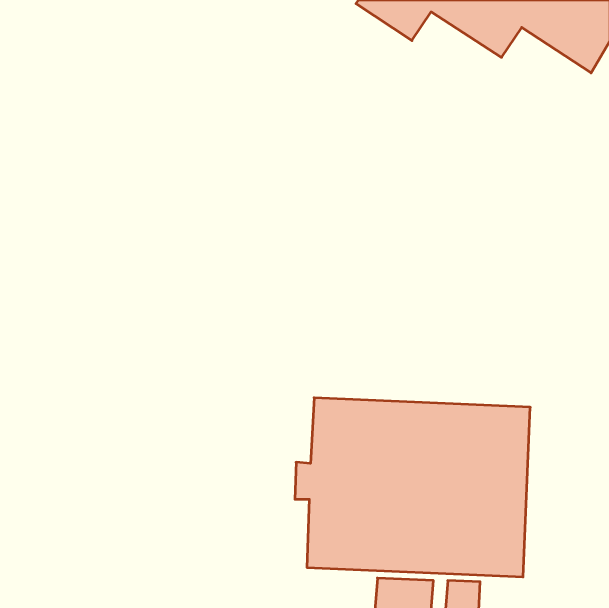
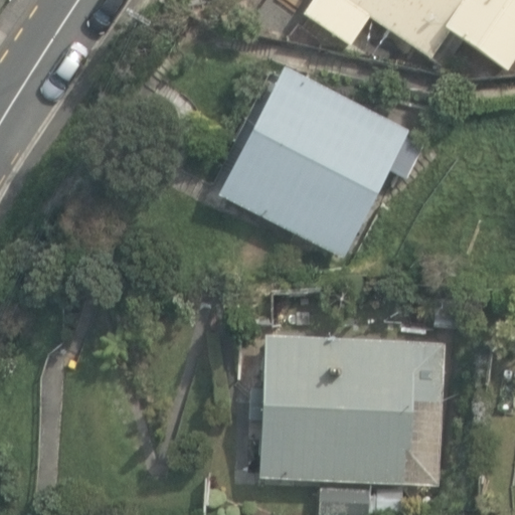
building: none -> [217,63,418,251]

